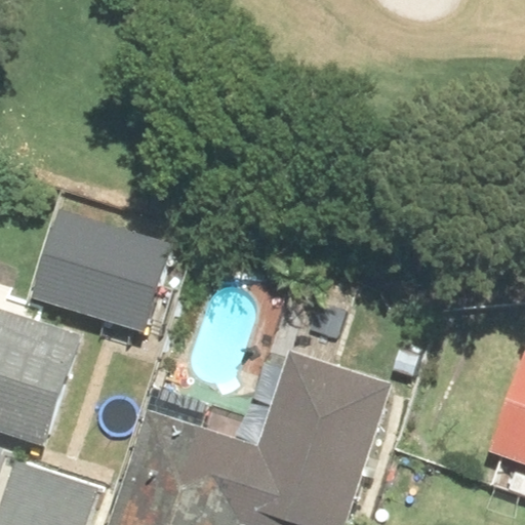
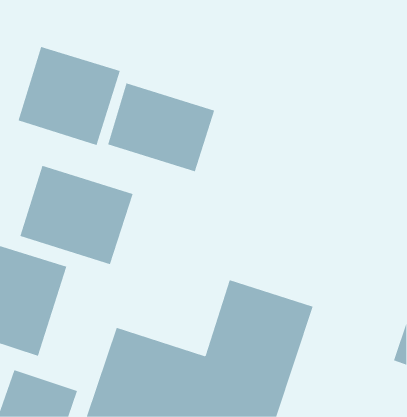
building: none -> [18,46,120,146]
building: none -> [107,82,215,172]

